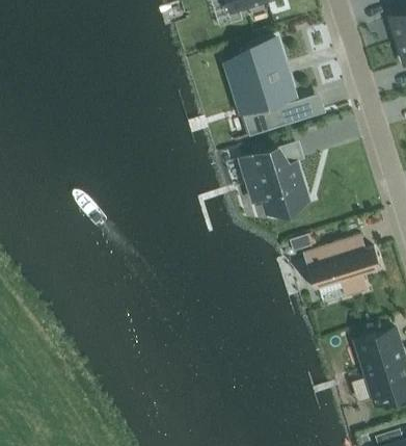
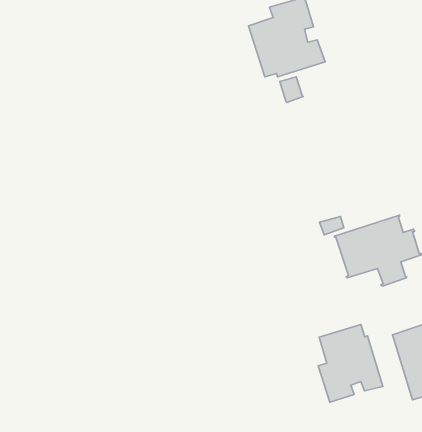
building: [242,149,306,216] -> none
building: none -> [318,325,383,402]

